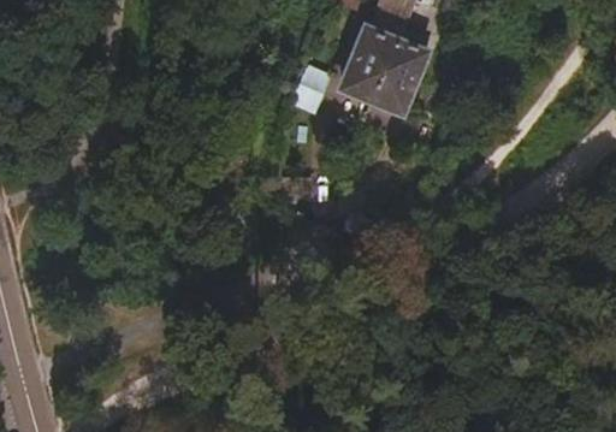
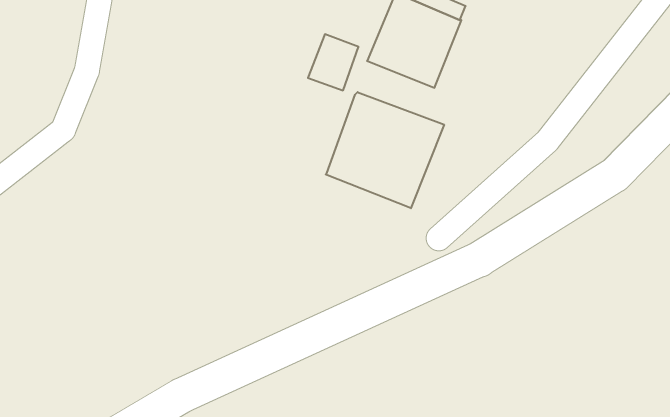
building: none -> [326,92,444,208]

